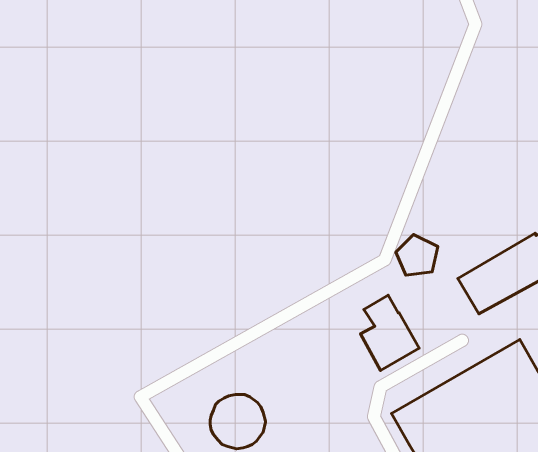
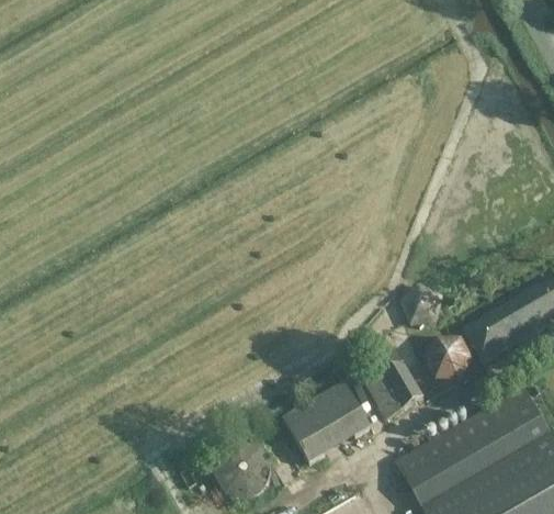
building: none -> [421,327,478,386]
building: none -> [284,380,371,461]

